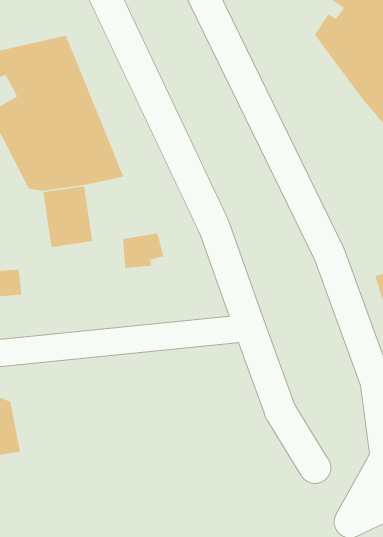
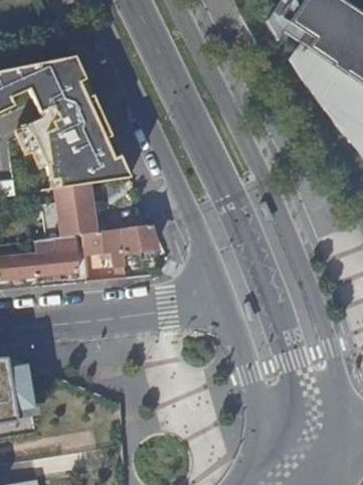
building: none -> [84,227,127,265]
building: none -> [38,233,79,275]

